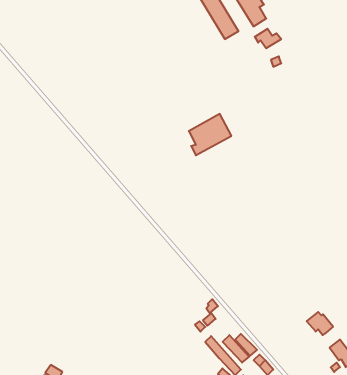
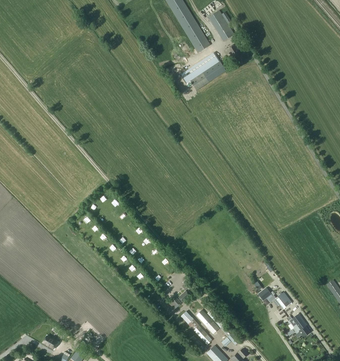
building: [189,114,231,155] -> [185,53,222,89]

